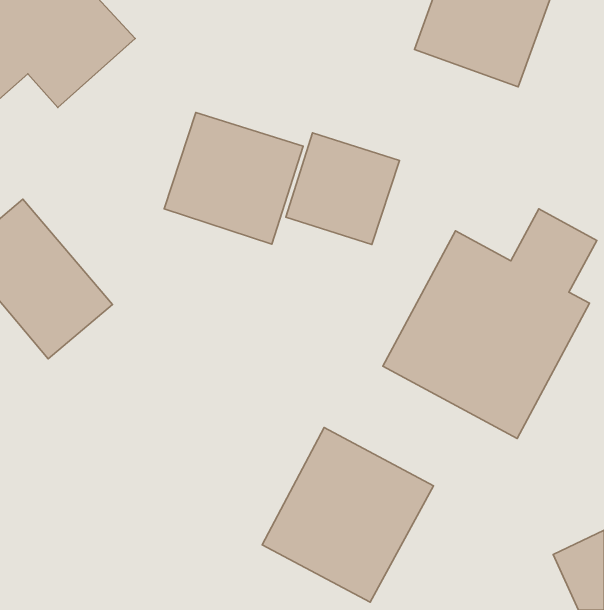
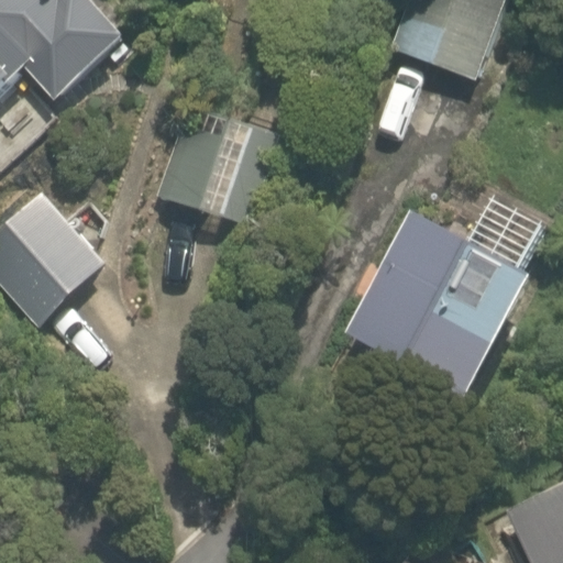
building: [286,133,399,244] -> none
building: [262,427,433,602] -> none

